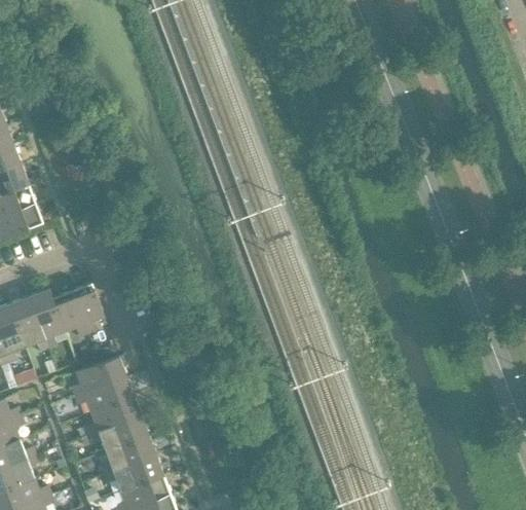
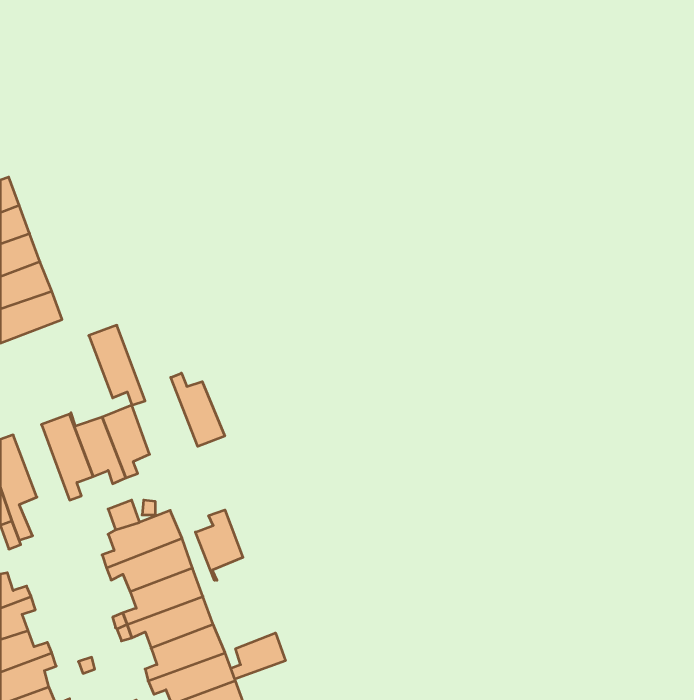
building: none -> [171,373,225,446]
building: [9,297,48,353] -> [89,325,145,405]
building: none -> [195,510,243,580]
building: none -> [231,633,285,679]

